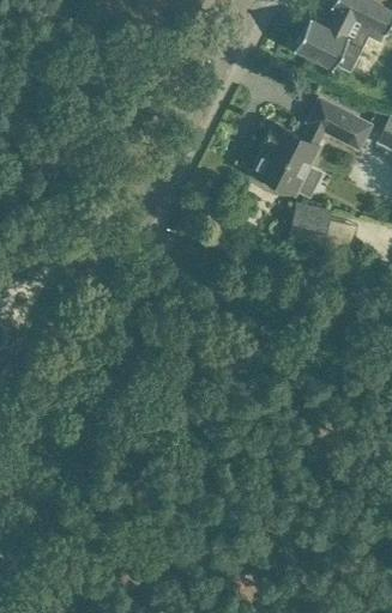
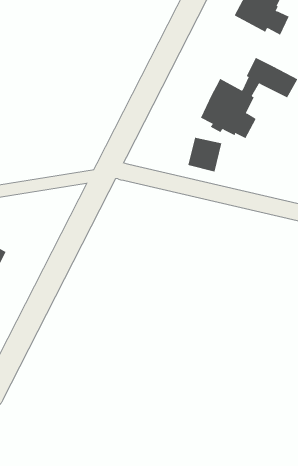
building: [289,205,331,247] -> [187,137,222,172]

